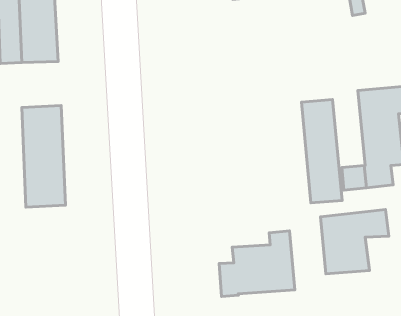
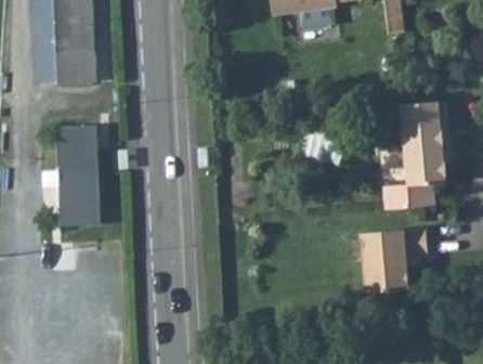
building: [301,100,342,203] -> none
building: [219,231,295,296] -> none

